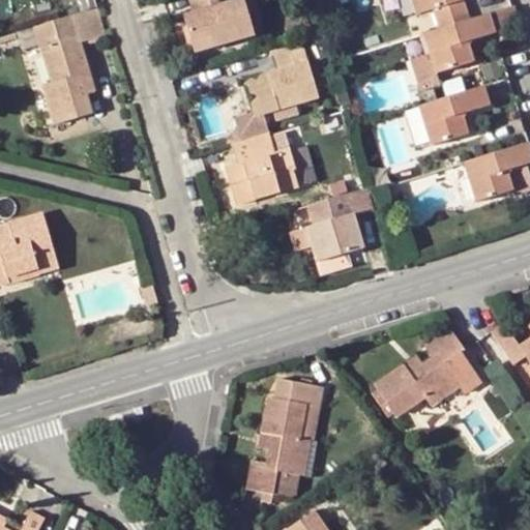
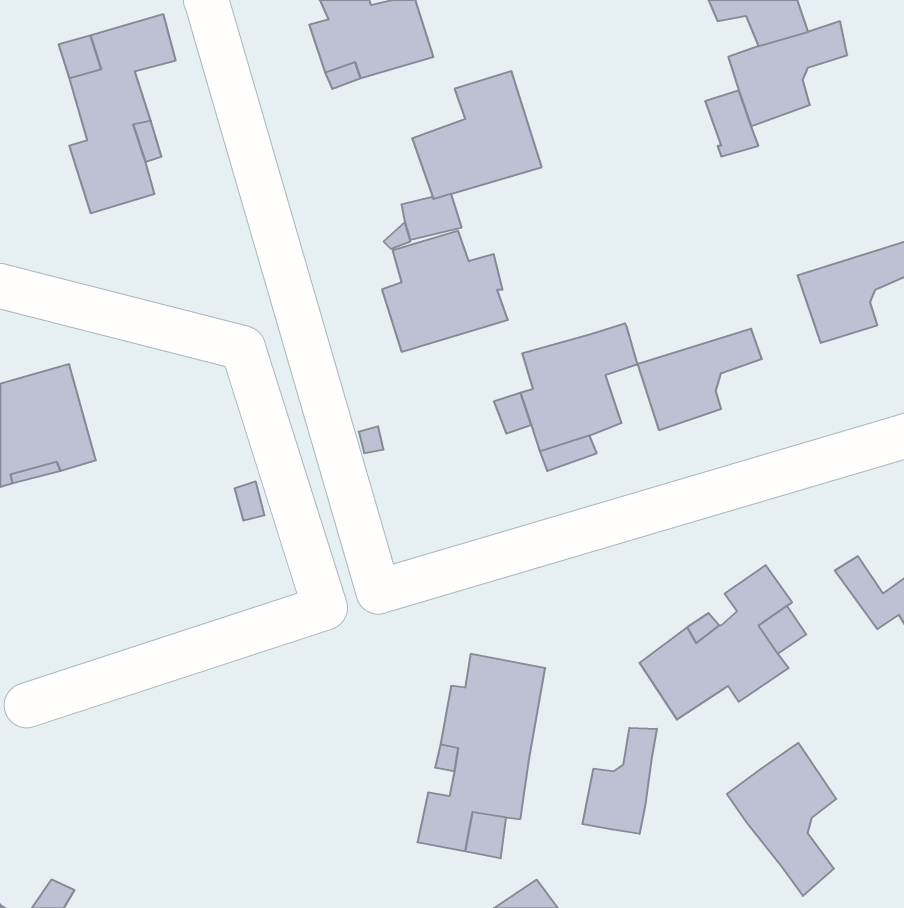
building: [420,84,493,143] -> [638,329,762,430]
building: none -> [582,728,657,834]
building: none -> [727,743,836,896]

